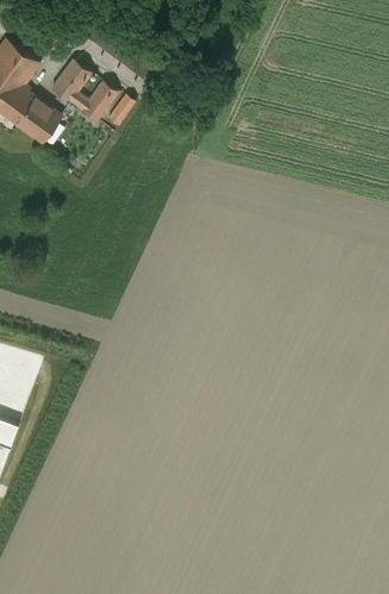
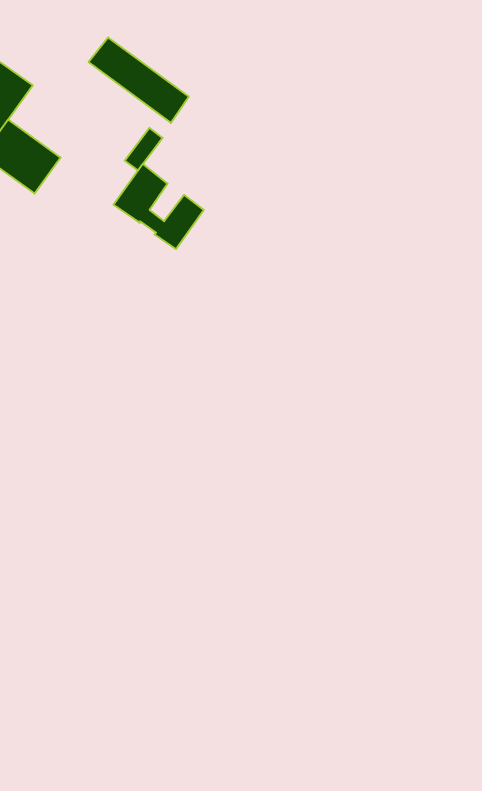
building: [51,60,117,121] -> [113,164,204,249]

